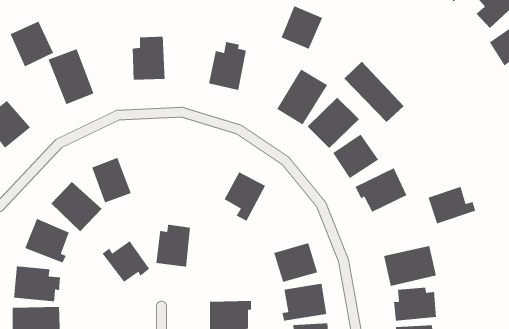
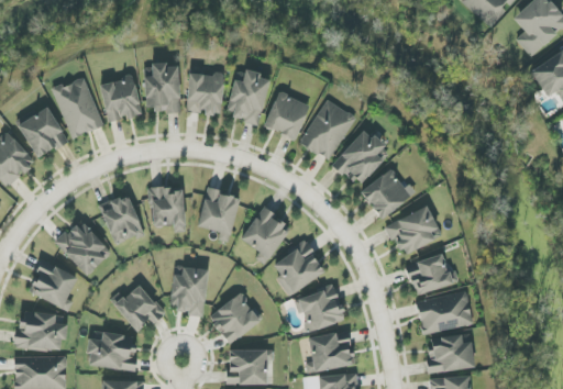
building: [281,5,323,50] -> [264,91,310,140]
building: [9,21,54,67] -> [19,108,67,158]
building: none -> [187,73,223,114]
building: none -> [100,77,142,122]
building: [344,61,404,123] -> none
building: none -> [151,187,185,232]
building: none -> [197,187,240,242]
building: [428,186,476,225] -> [406,254,459,296]
building: none -> [273,242,325,296]
building: none -> [209,292,262,344]
building: none -> [87,333,137,371]

